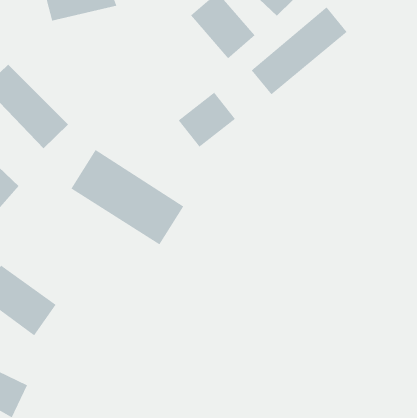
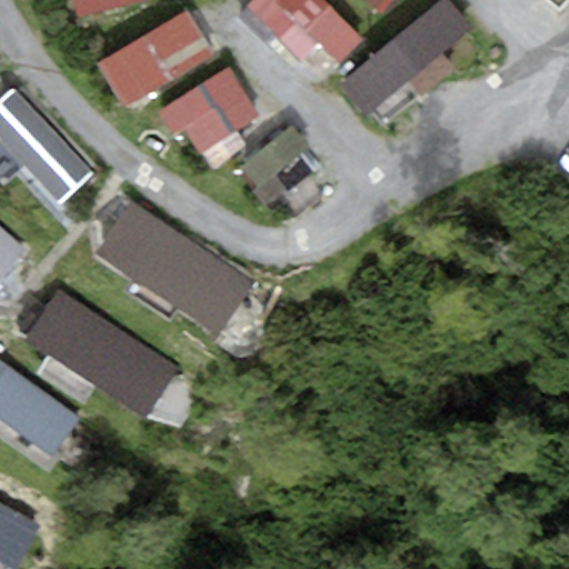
building: none -> [100,11,211,104]
building: none -> [171,66,259,148]
building: none -> [22,287,176,413]

